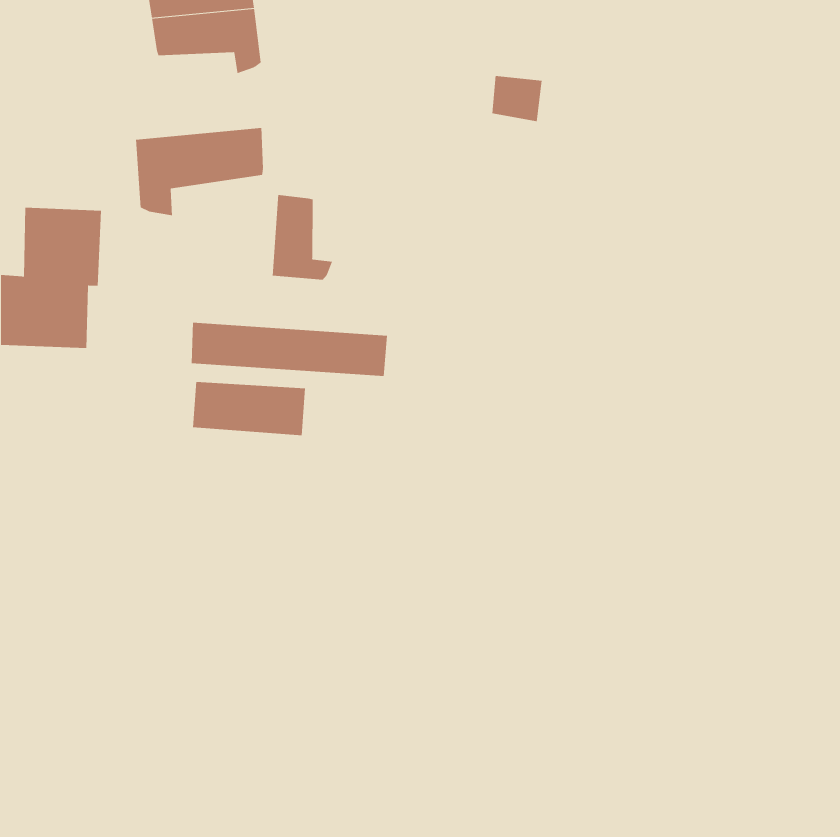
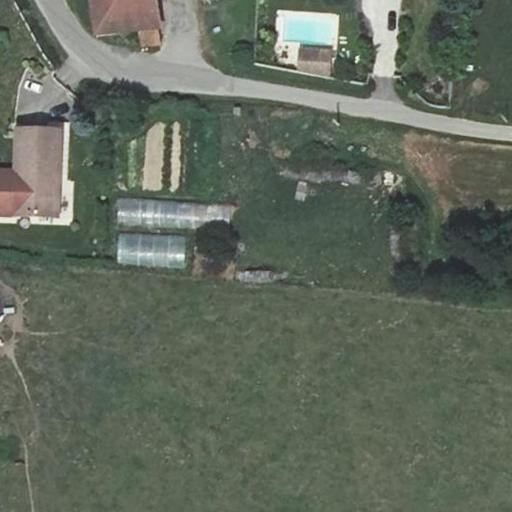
building: [135,127,263,216] -> none
building: [272,194,333,281] -> none

